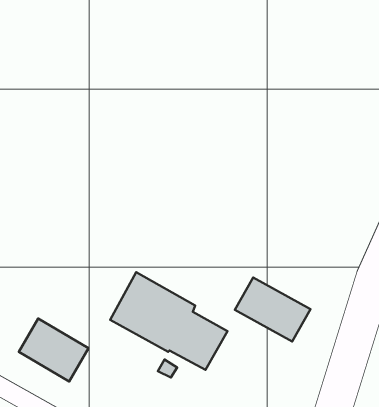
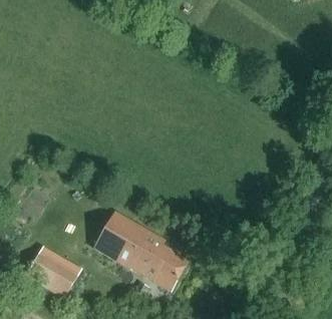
building: [235,278,310,342] -> none

